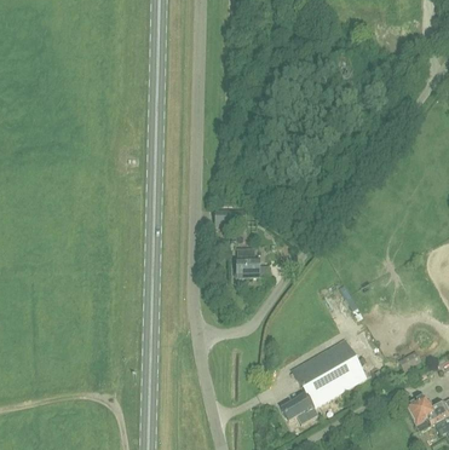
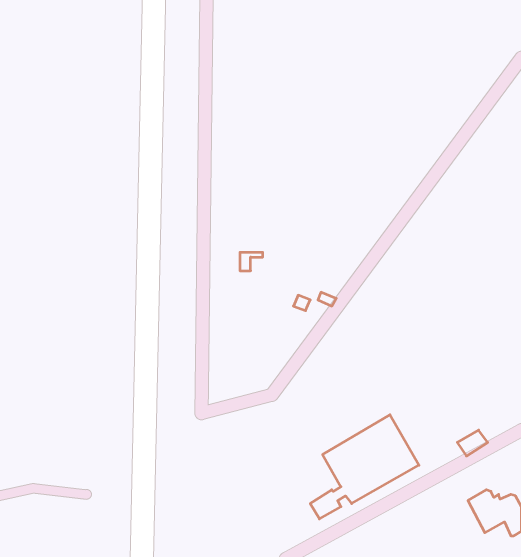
building: [236,247,270,276] -> none

